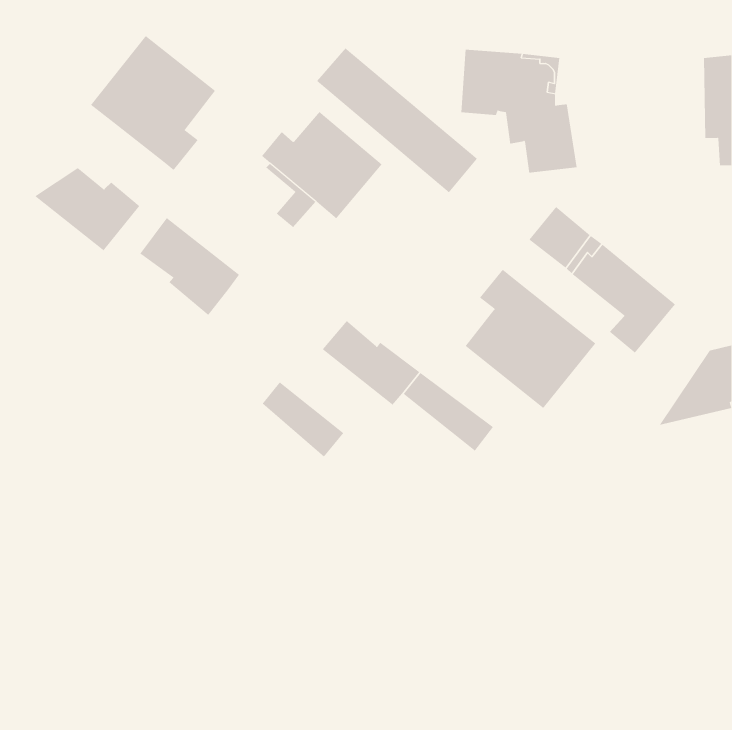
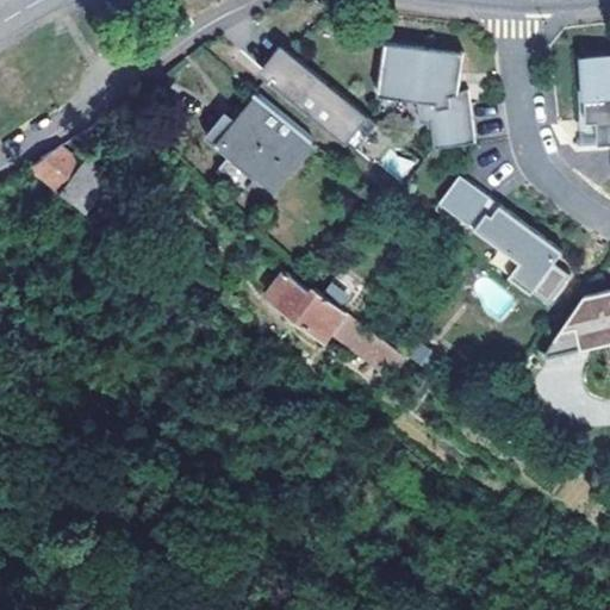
building: [90,35,216,171] -> none
building: [139,217,240,316] -> none
building: [465,269,596,409] -> none
building: [262,382,344,457] -> none

